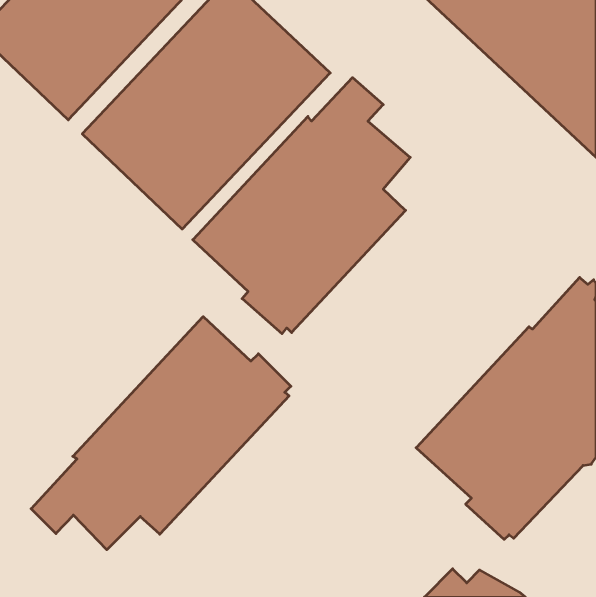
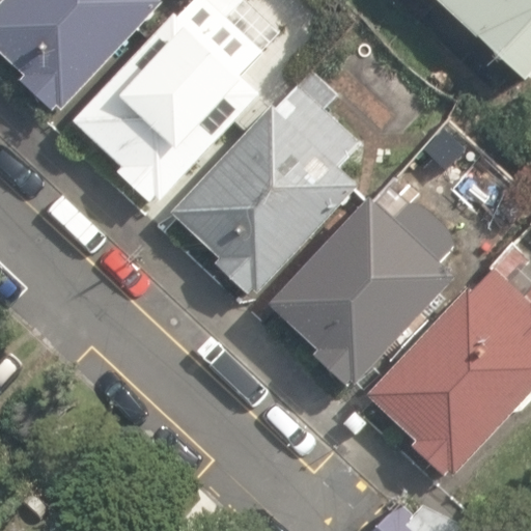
building: none -> [270,186,456,385]
building: [31,317,291,550] -> none

